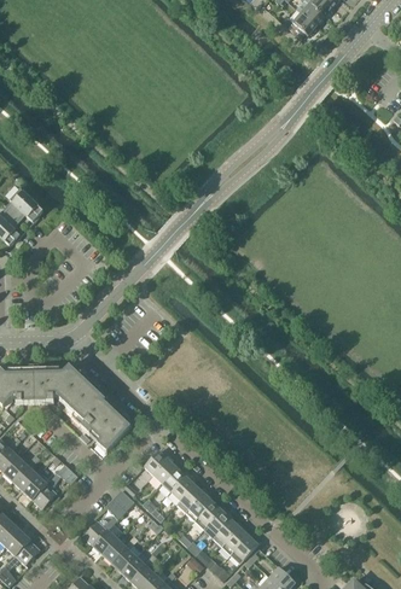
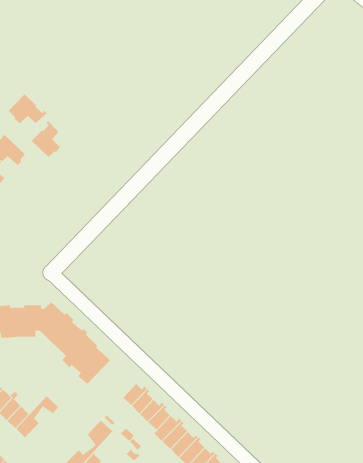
building: none -> [8,93,47,124]
building: none -> [31,120,61,158]

